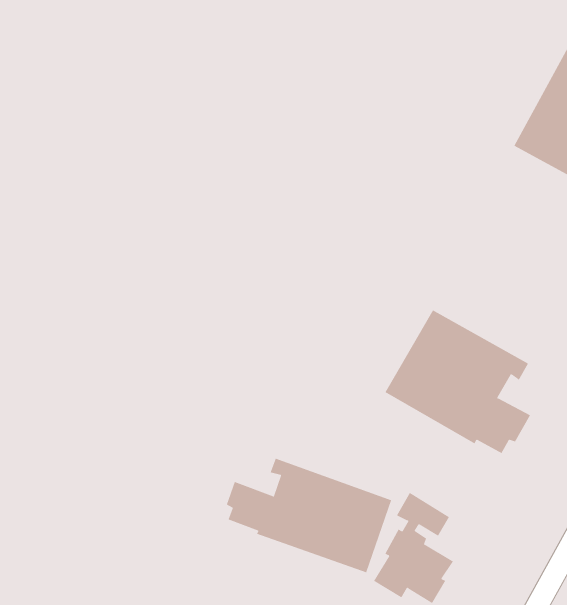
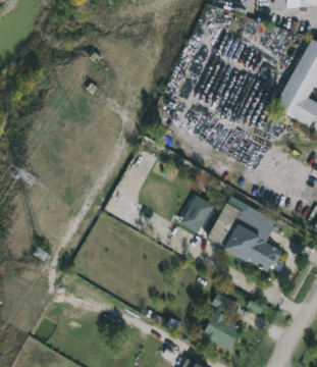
building: none -> [180,196,216,234]
building: [226,458,392,573] -> none

